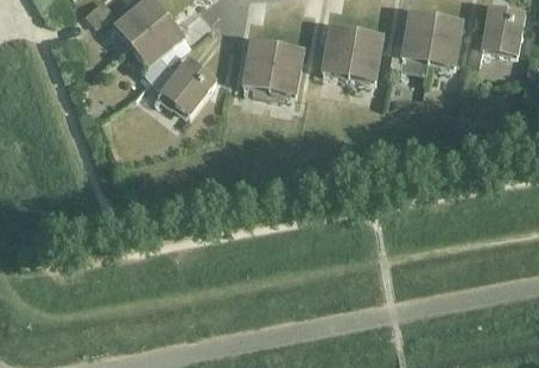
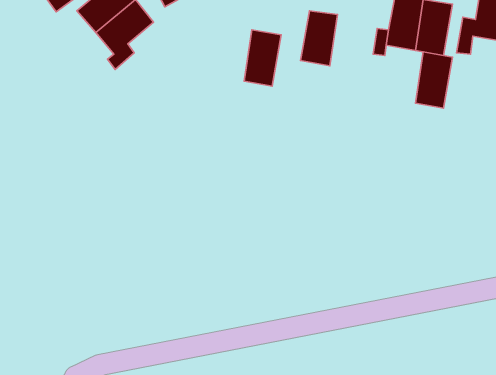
building: [348,28,382,81] -> [415,52,452,108]
building: [241,38,275,90] -> none
building: [148,57,215,114] -> none

